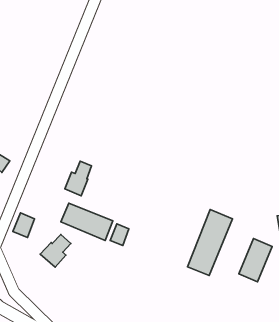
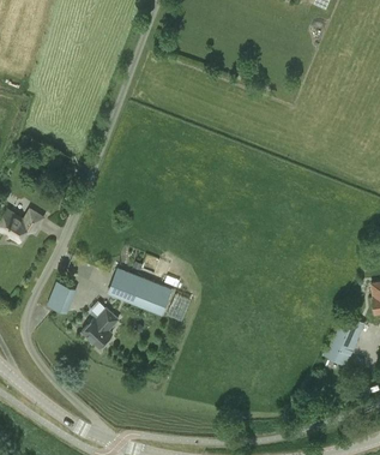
building: [65,161,91,196] -> none
building: [187,209,233,276] -> none

